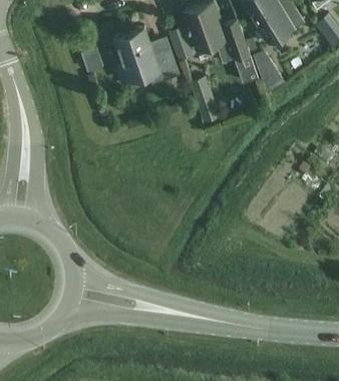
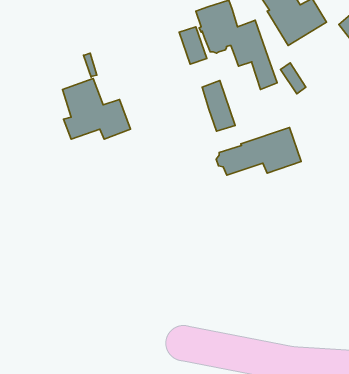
building: [115,27,178,82] -> [62,79,131,139]
building: none -> [216,127,301,175]

